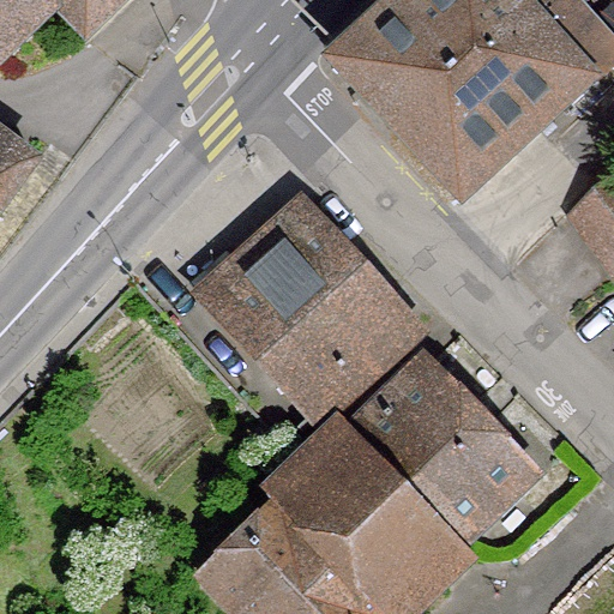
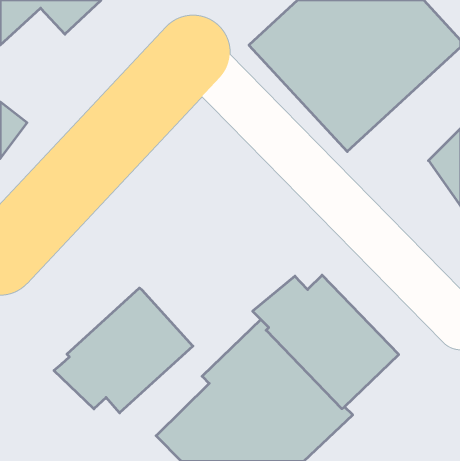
building: [205,210,420,425] -> none
building: none -> [54,288,193,413]

